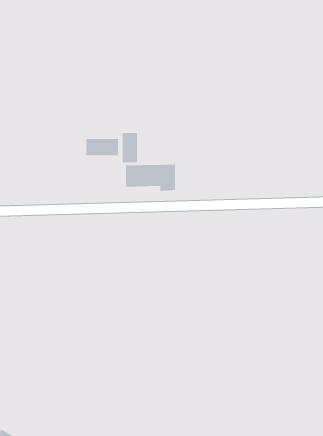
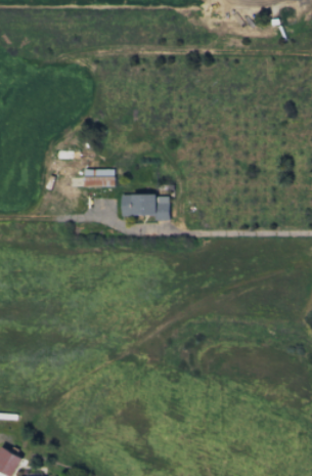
building: [122,132,138,163] -> none

